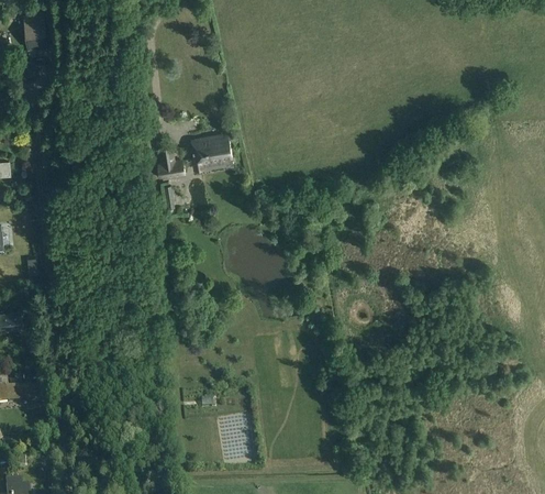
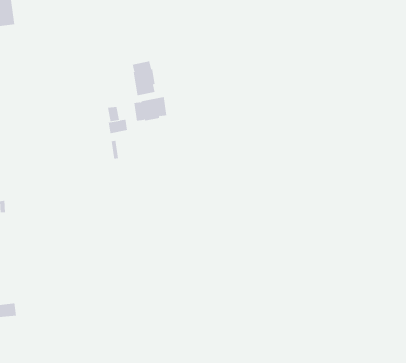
building: none -> [132,61,155,96]

